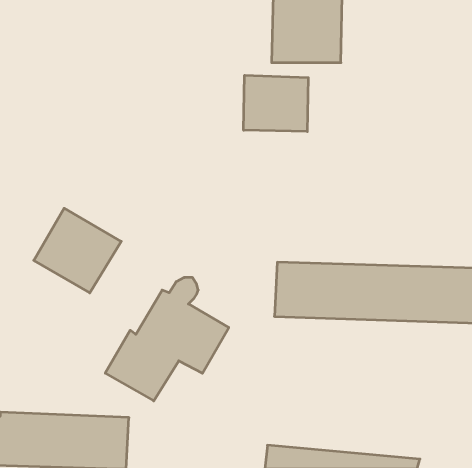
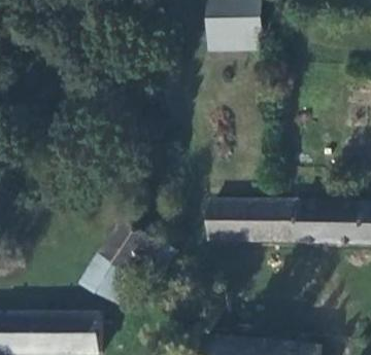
building: [244,75,308,132] -> none
building: [34,208,121,293] -> none

